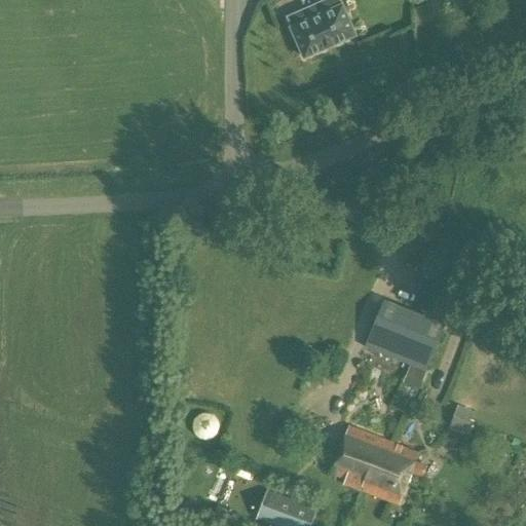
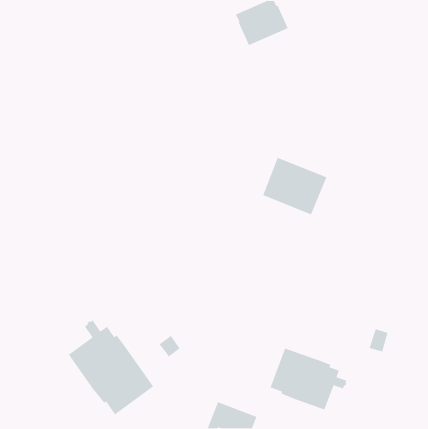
building: [364,299,444,371] -> [262,157,328,216]
building: none -> [68,319,154,415]

